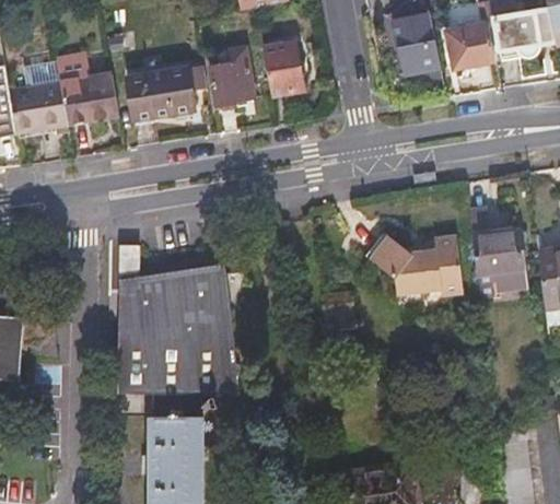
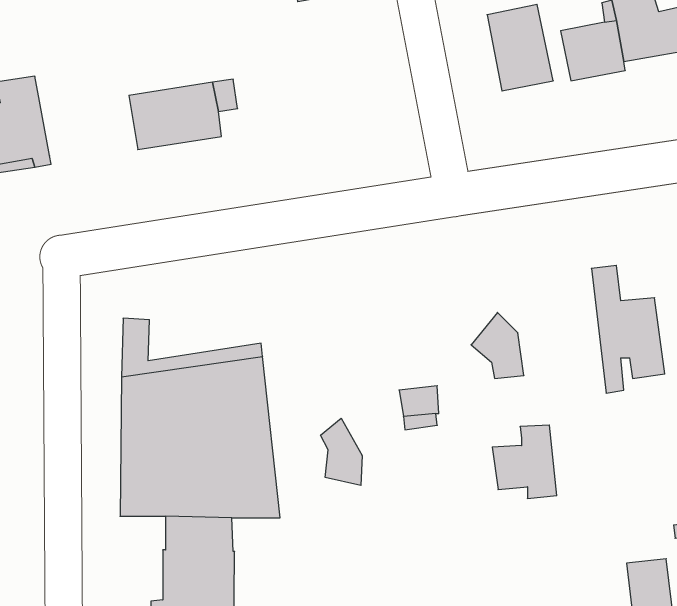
building: [264,42,303,95] -> none
building: [208,47,256,105] -> none
building: [55,60,116,124] -> none
building: [415,239,463,294] -> [492,425,557,498]
building: none -> [321,418,362,485]

